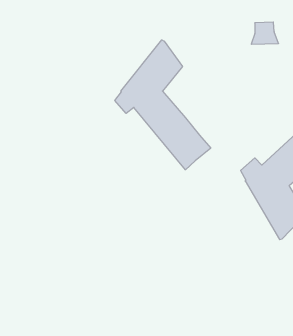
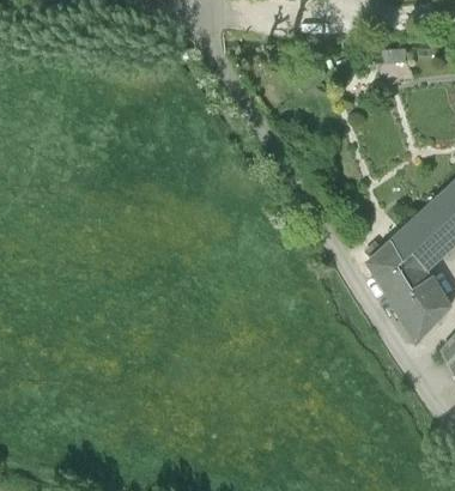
building: [115,40,211,170] -> none

